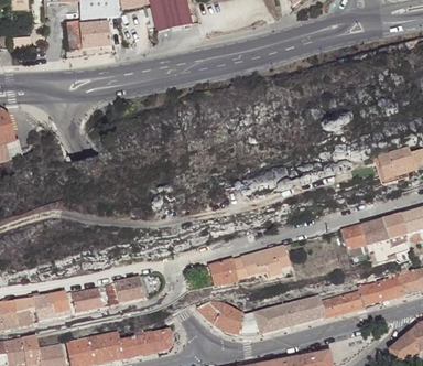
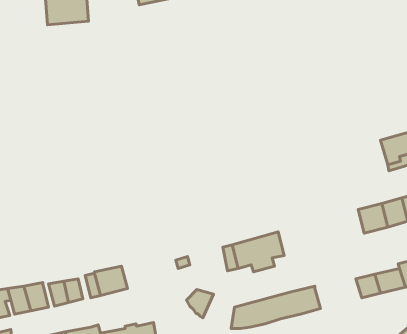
building: [341,223,366,249] -> none
building: [215,258,238,286] -> none
building: [319,288,364,315] -> none
building: [215,302,245,334] -> none

